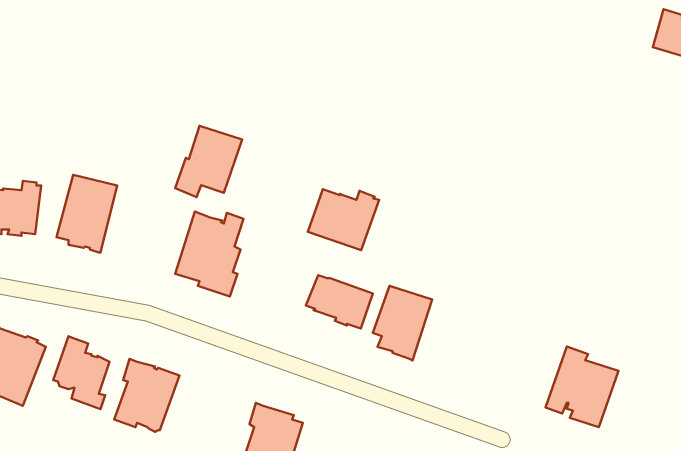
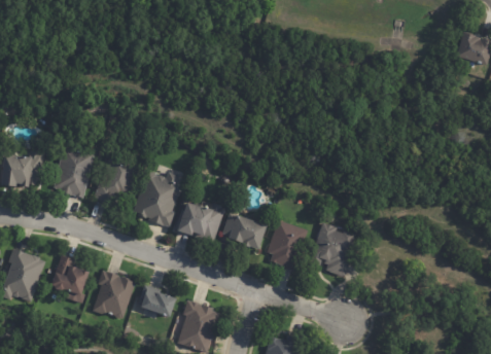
building: [175,126,242,197] -> [94,154,139,203]
building: [308,189,379,250] -> [177,201,225,242]
building: [546,347,619,427] -> [309,221,358,276]
building: none -> [139,285,176,316]

